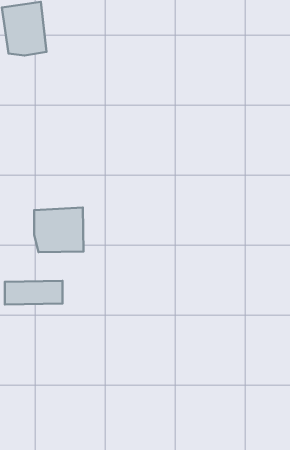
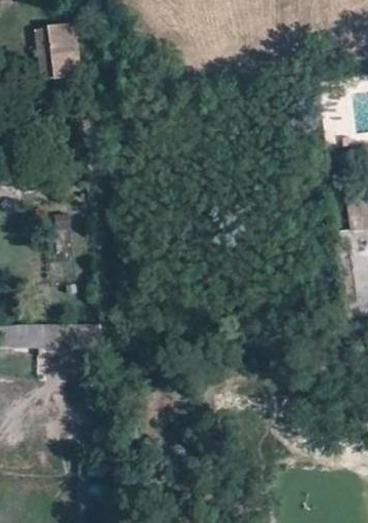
building: [34,208,84,252] -> none

